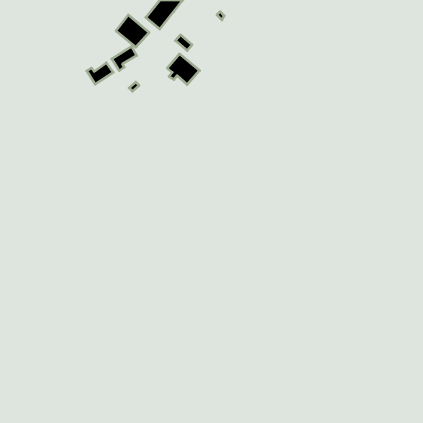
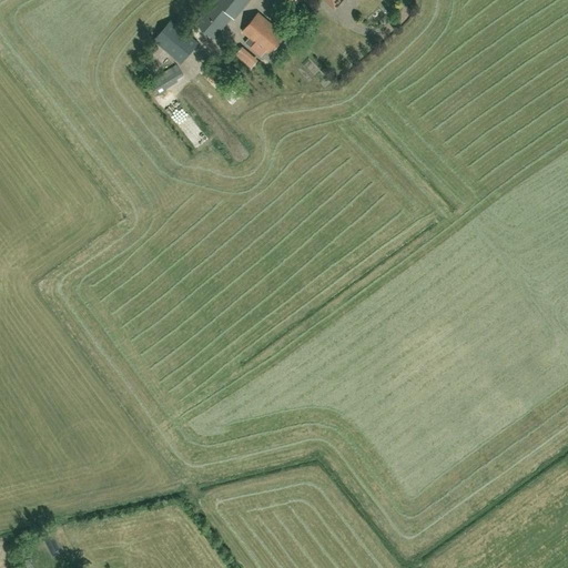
building: [167,54,200,85] -> [242,13,285,54]
building: [87,63,113,84] -> none

